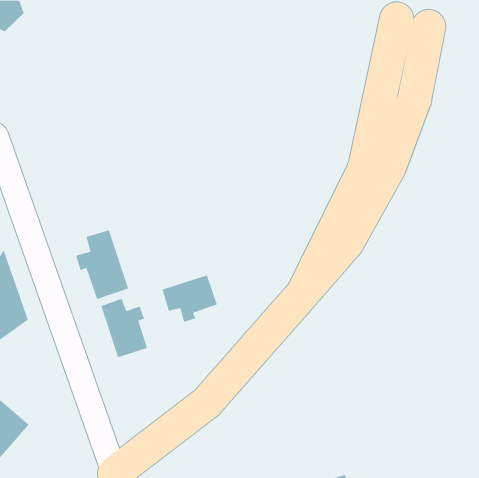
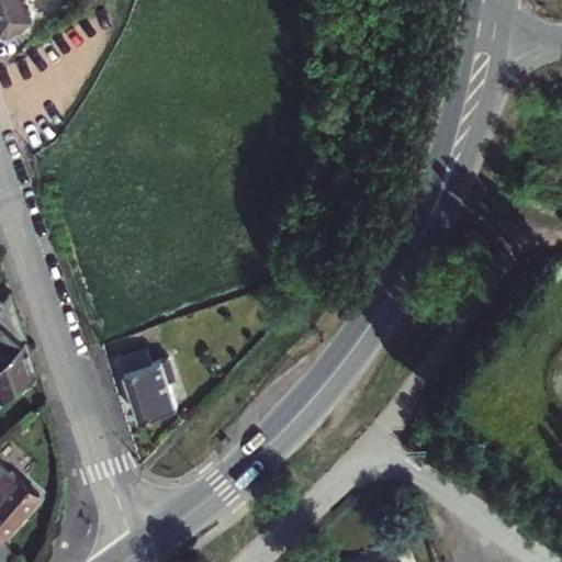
building: [75,229,129,300] -> none
building: [162,274,218,322] -> none

